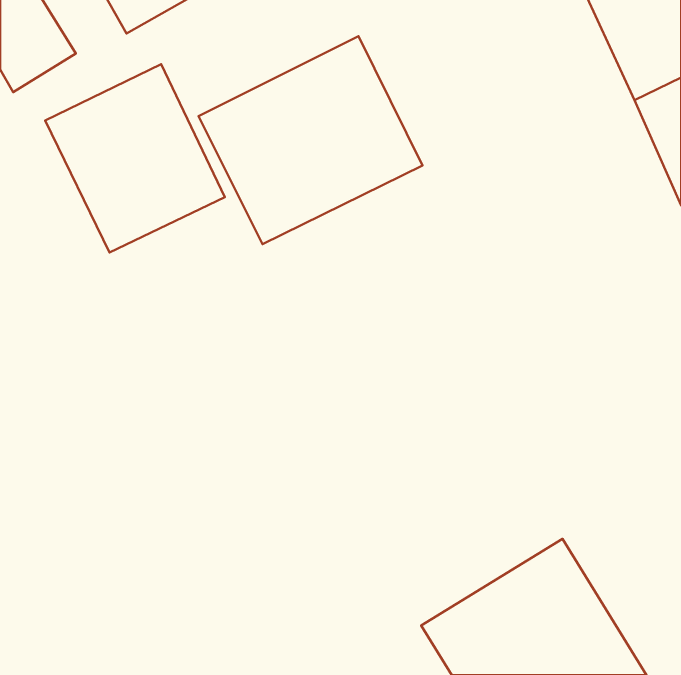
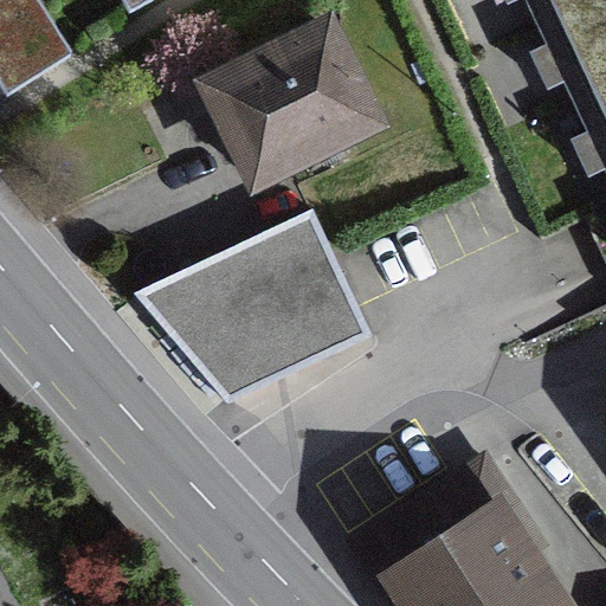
building: [45,64,225,252] -> none
building: none -> [143,212,369,393]

